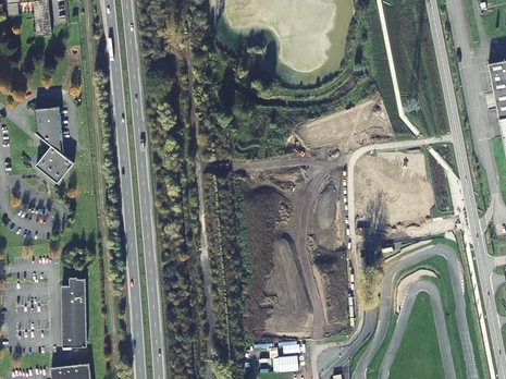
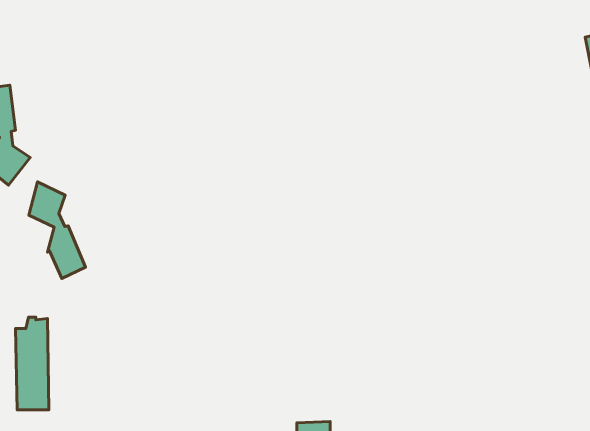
building: none -> [29,182,85,278]

